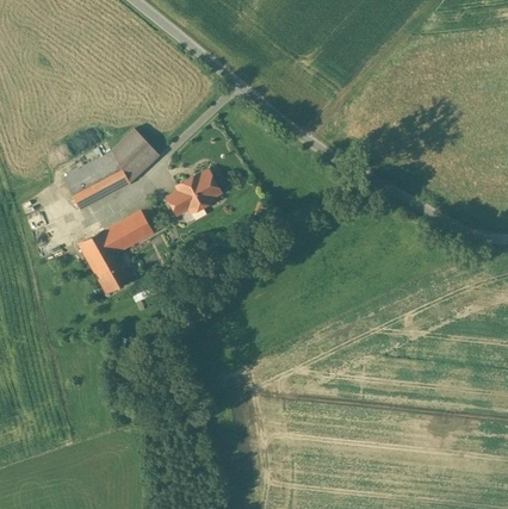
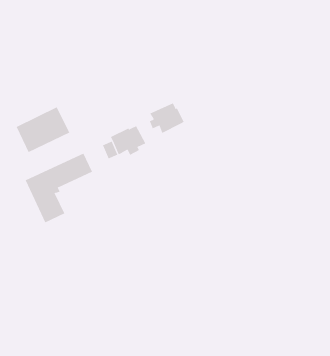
building: [111,128,159,182] -> none
building: none -> [149,102,184,133]

